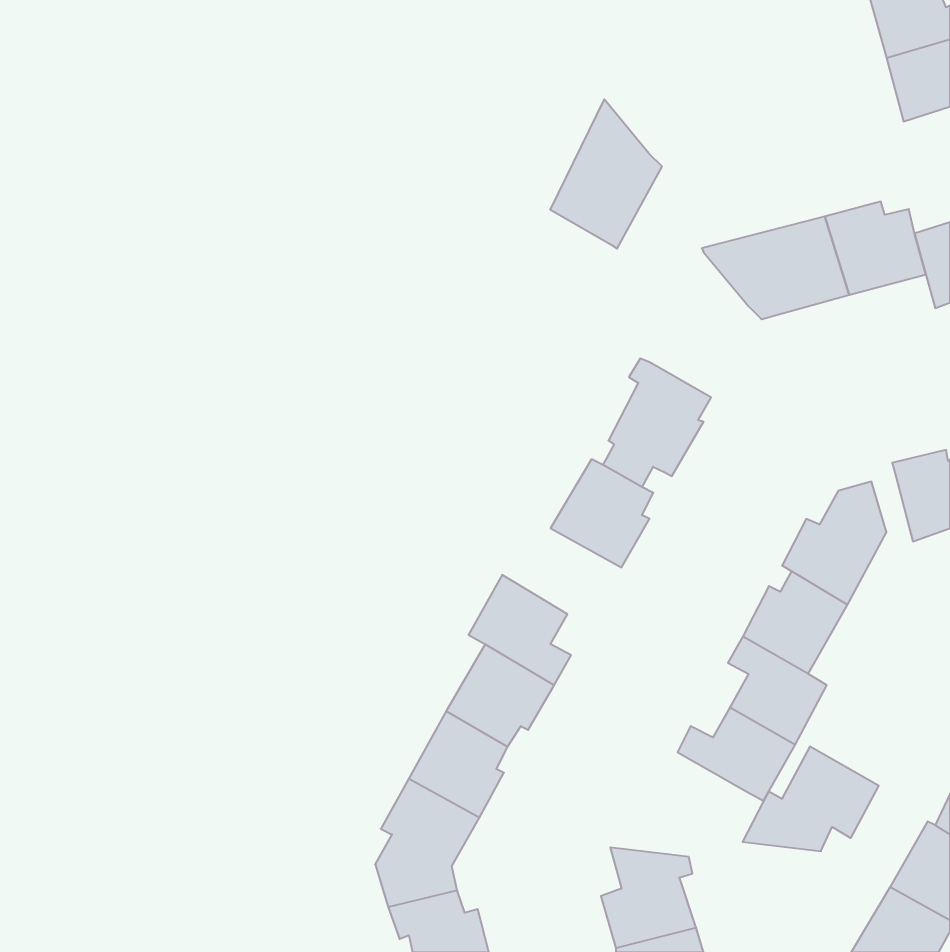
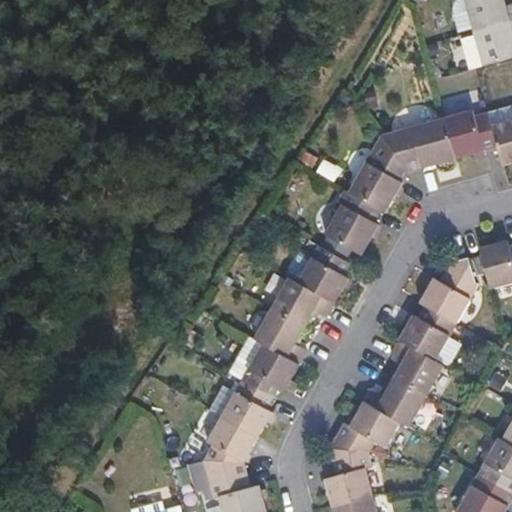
building: [550,99,662,249] -> [348,135,408,215]
building: none -> [269,278,333,329]
building: [743,747,879,851] -> [327,403,400,459]

